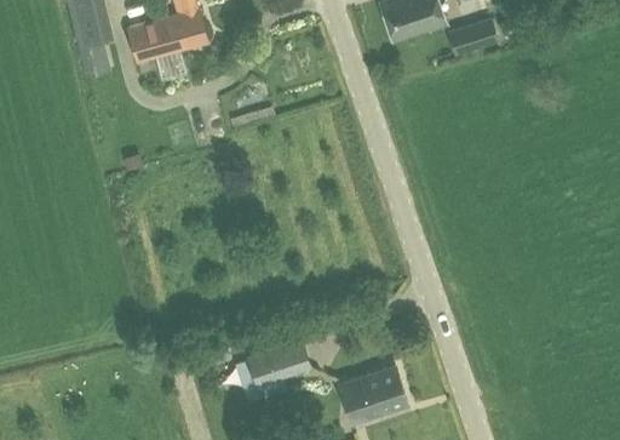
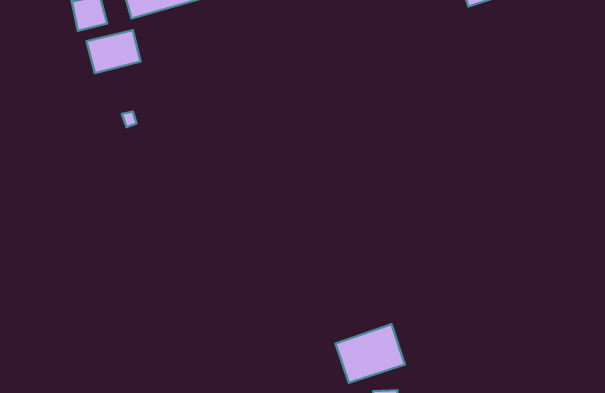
building: none -> [87,30,140,73]
building: [246,342,311,388] -> none

